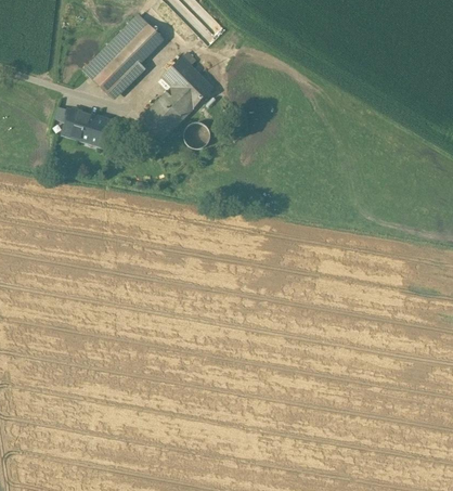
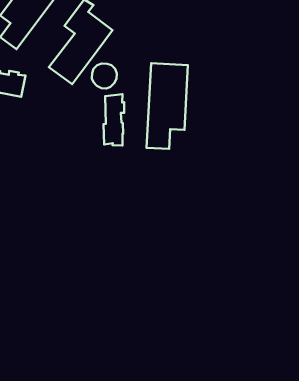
building: none -> [147,63,188,149]
building: none -> [103,94,124,145]

